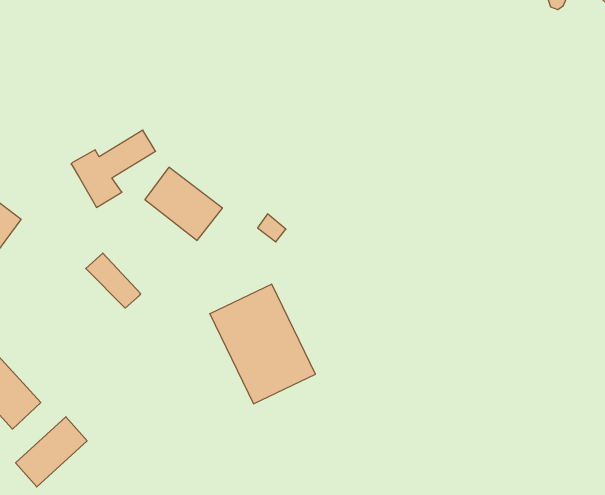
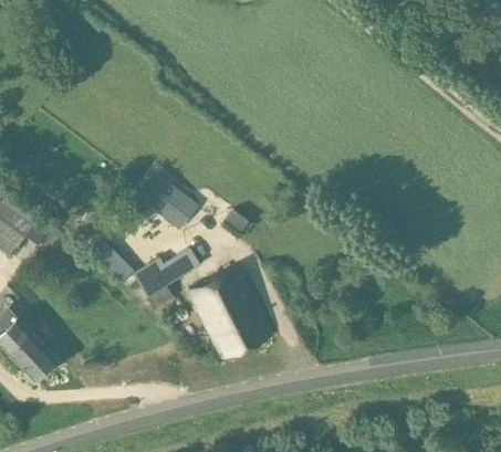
building: [71,130,156,207] -> [133,248,199,308]
building: [16,417,87,487] -> none

